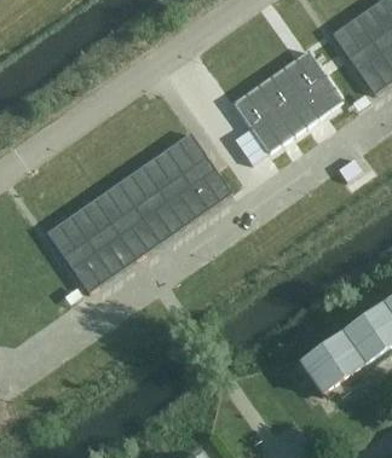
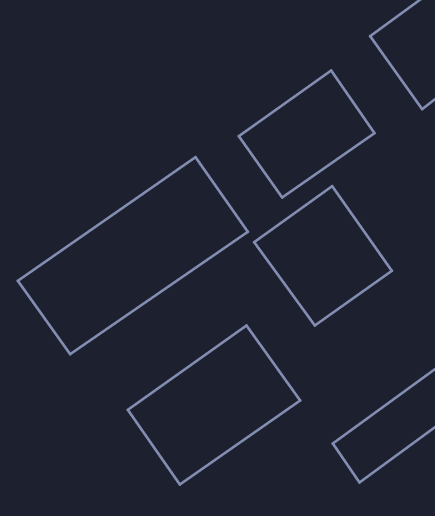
building: none -> [254,186,392,326]
building: none -> [128,325,300,484]

